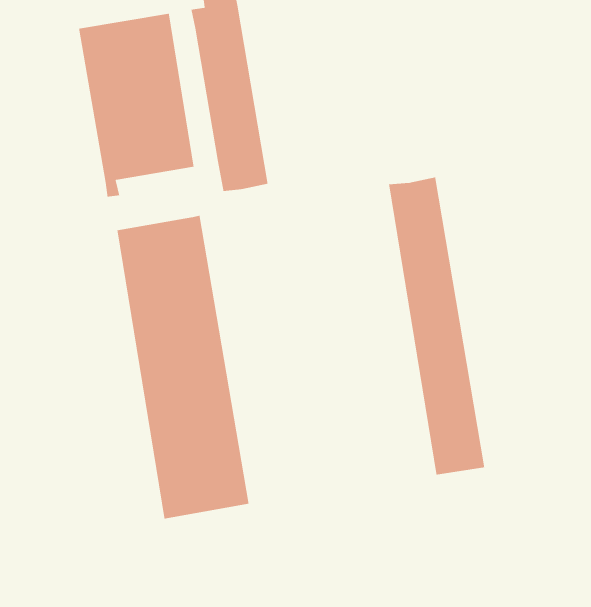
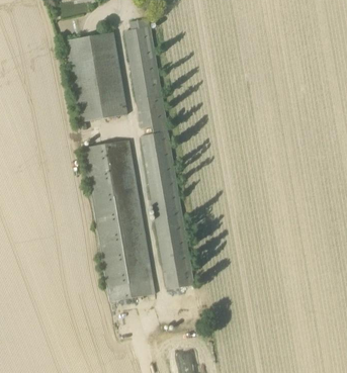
building: [388,176,485,475] -> [142,130,193,289]

